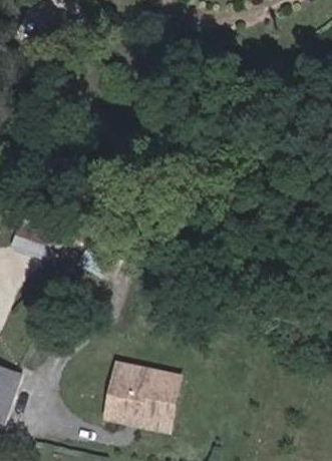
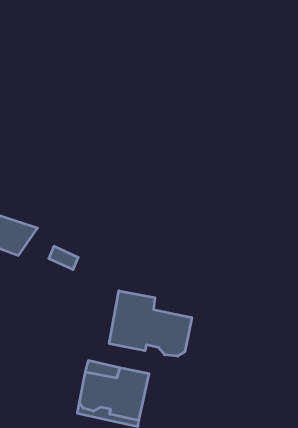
building: none -> [109,291,192,356]

